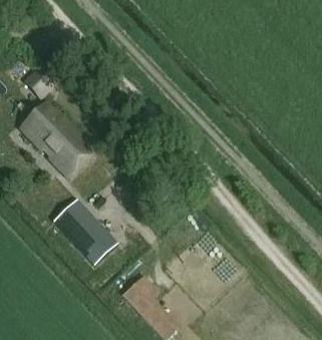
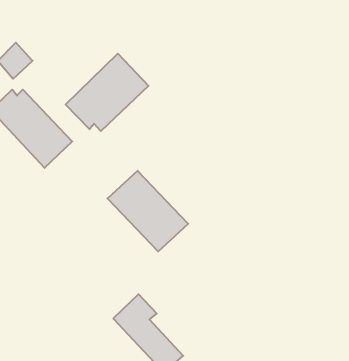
building: none -> [66,54,148,131]
building: [51,197,118,264] -> [107,171,188,251]

